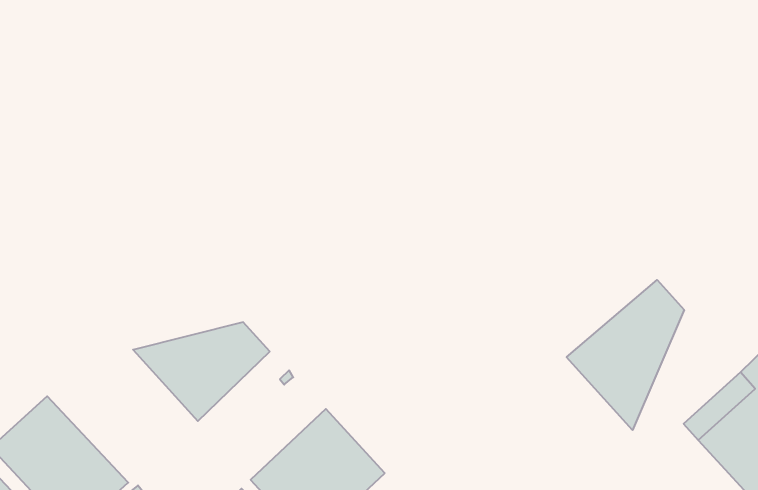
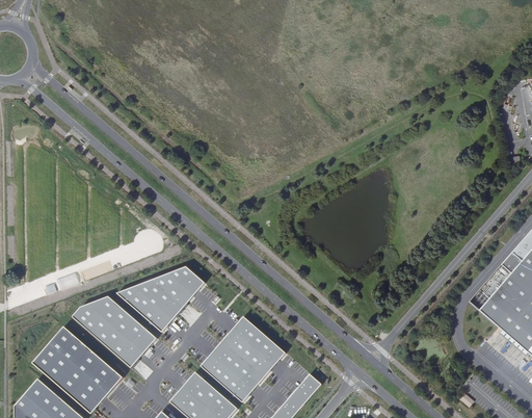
building: [567,280,684,430] -> none
building: none -> [71,296,155,368]

